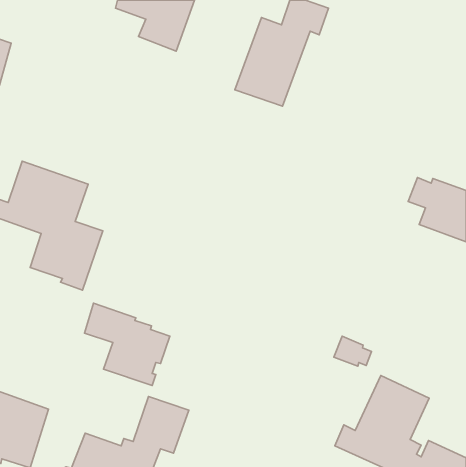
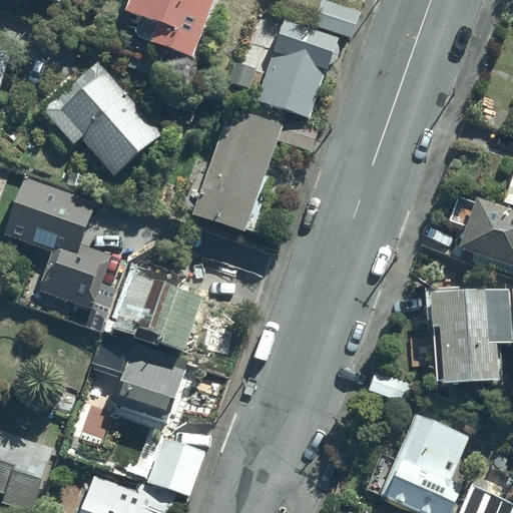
building: none -> [43,62,161,176]
building: none -> [178,106,314,233]
building: none -> [103,275,203,352]
building: none -> [407,289,504,382]

